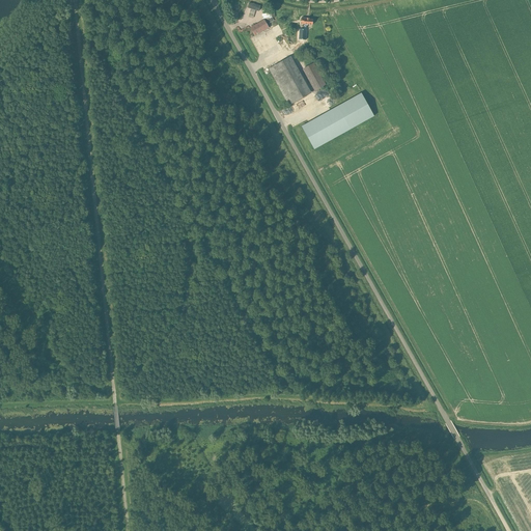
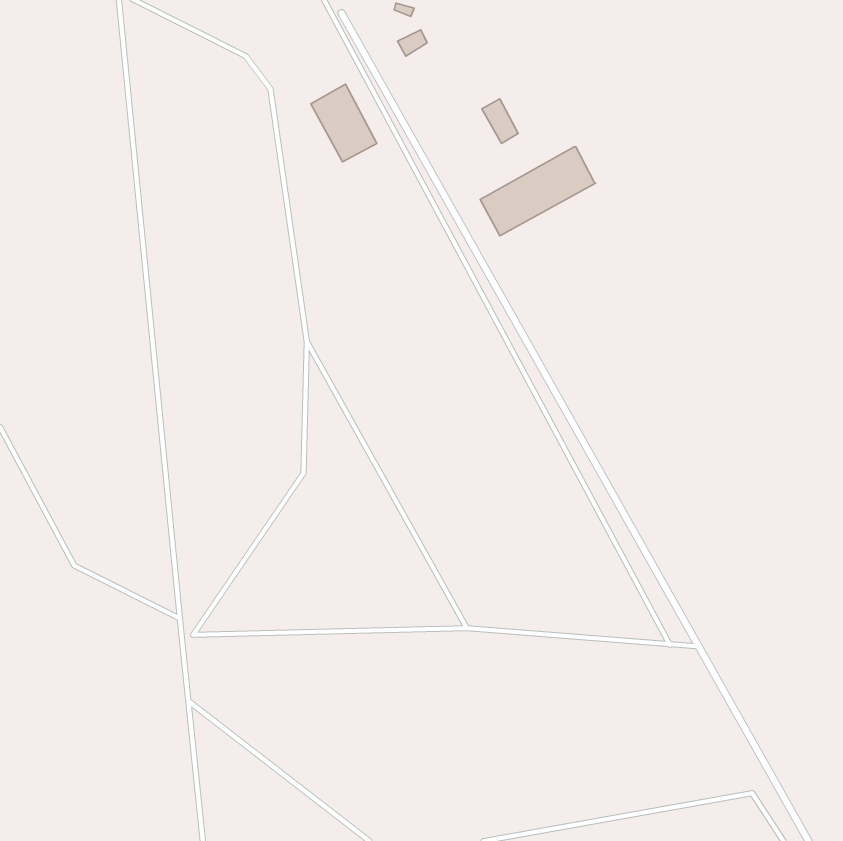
building: [270,55,311,104] -> [311,84,377,162]

